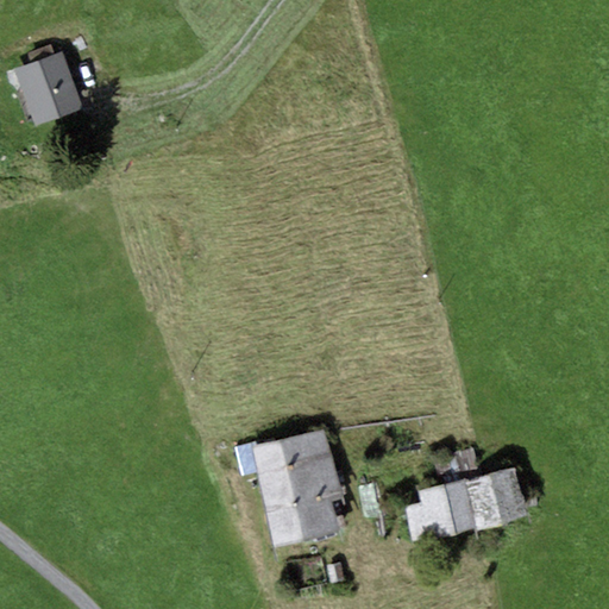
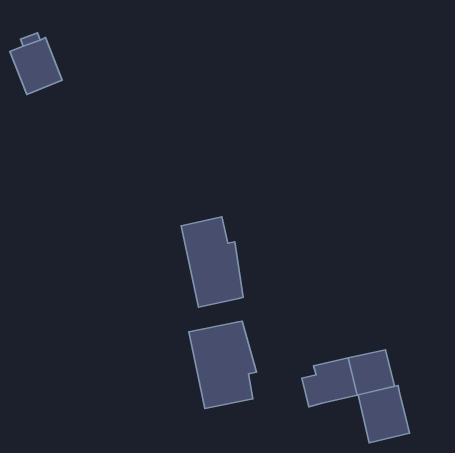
building: none -> [181,217,243,307]
building: none -> [358,385,409,443]

